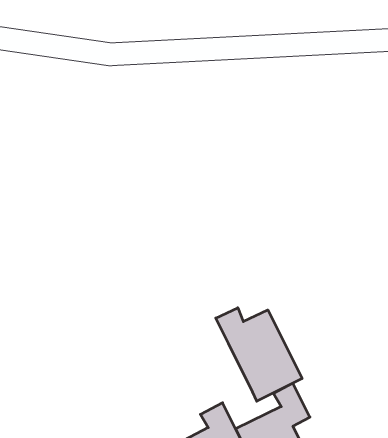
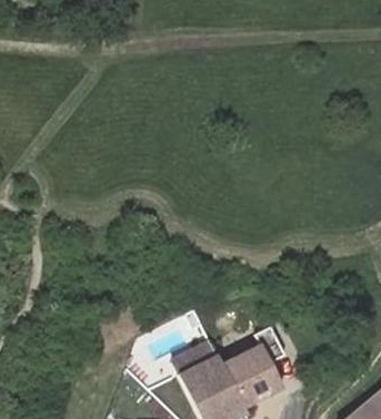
building: [216,308,302,401] -> none

